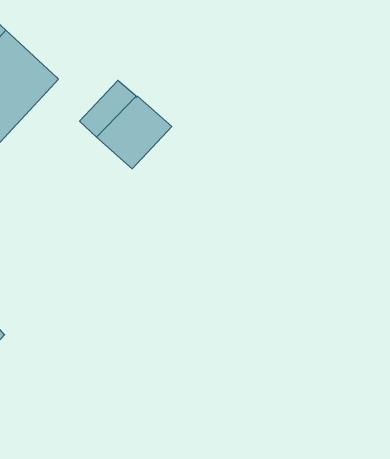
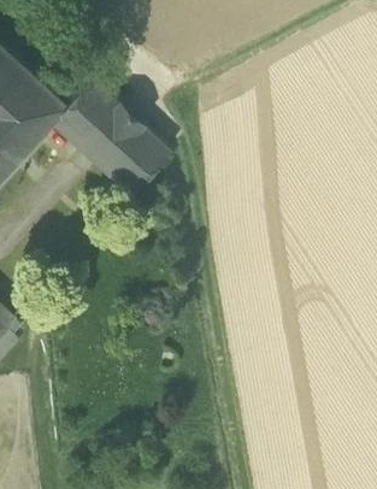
building: none -> [57,79,122,147]

